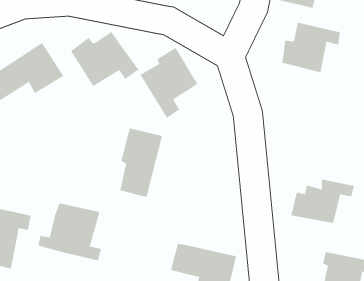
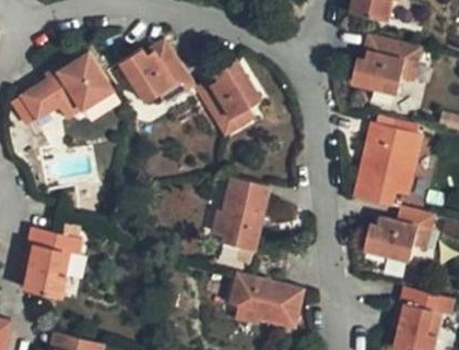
building: none -> [361,129,422,203]
building: [119,128,163,197] -> [224,176,272,252]
building: [38,203,102,261] -> none

